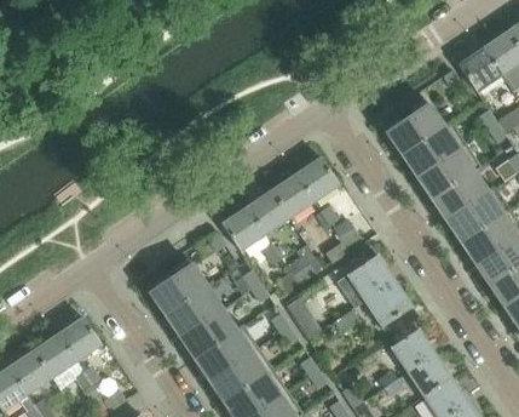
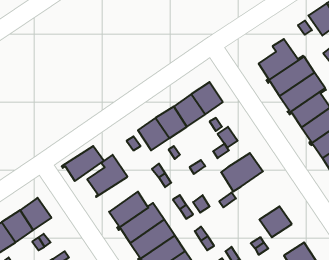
building: [364,280,411,327] -> none
building: [163,287,221,336] -> [62,146,104,181]
building: [406,353,451,396] -> none

